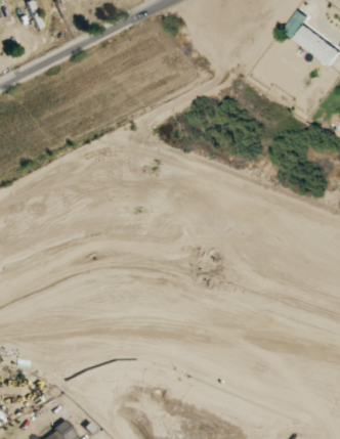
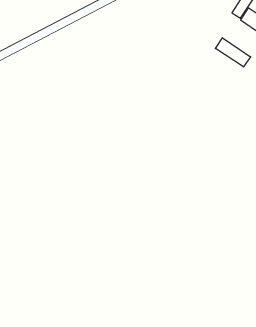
building: none -> [215,38,251,67]

